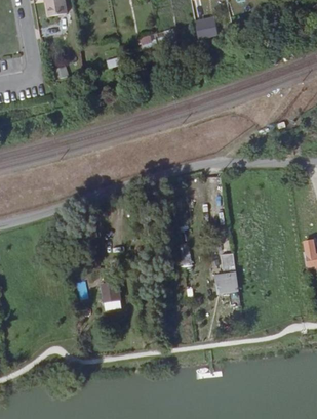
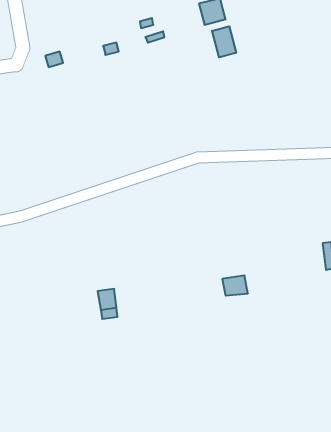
building: none -> [212,26,236,57]

